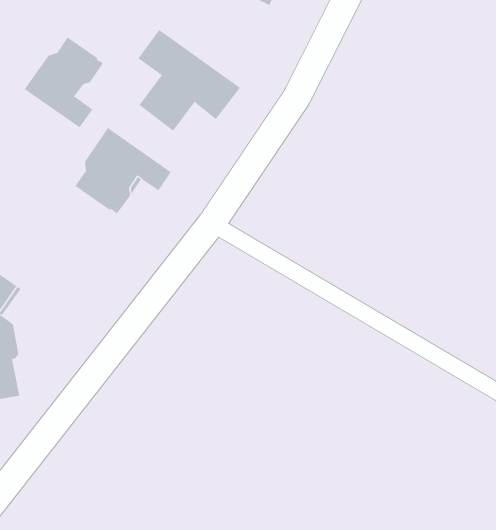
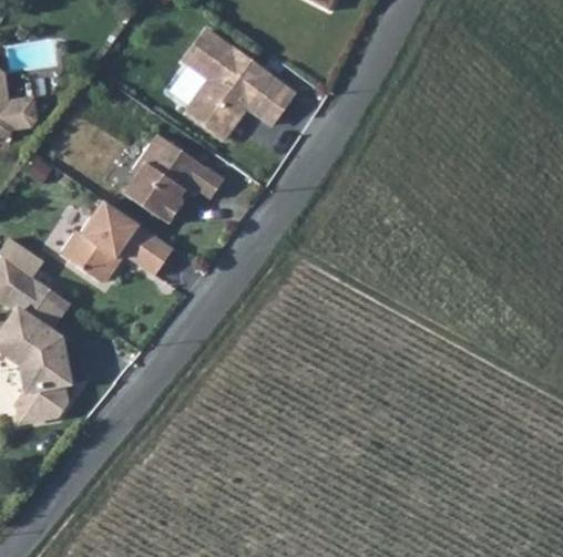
building: [24,37,104,128] -> none
building: none -> [59,200,173,281]

